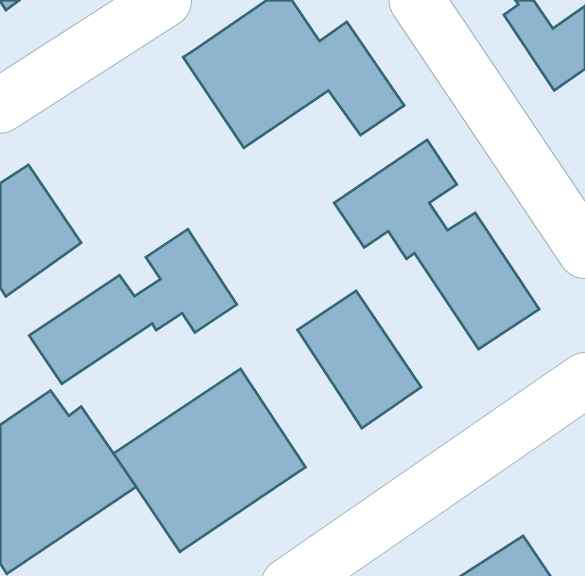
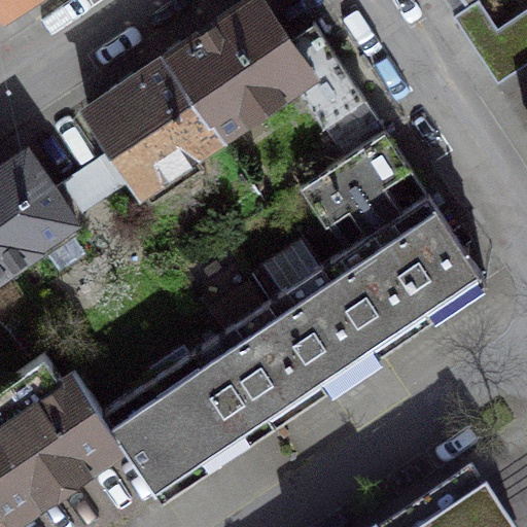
building: none -> [86,60,219,194]
building: [29,229,237,384] -> none
building: none -> [320,236,430,356]
building: none -> [216,305,325,428]

